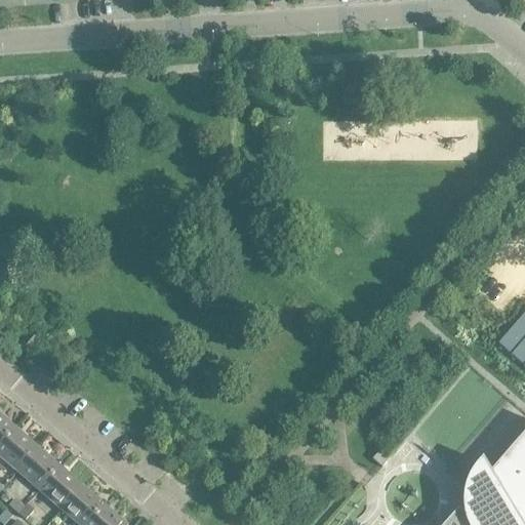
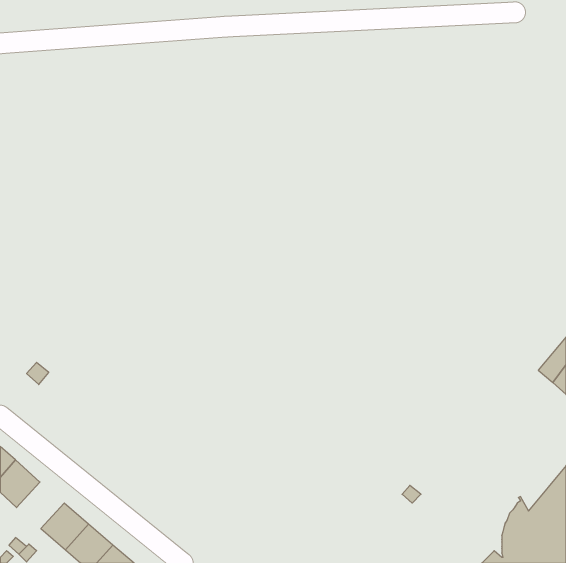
building: [15,446,59,489] -> none

